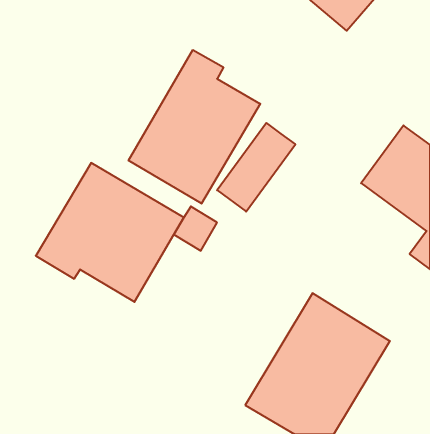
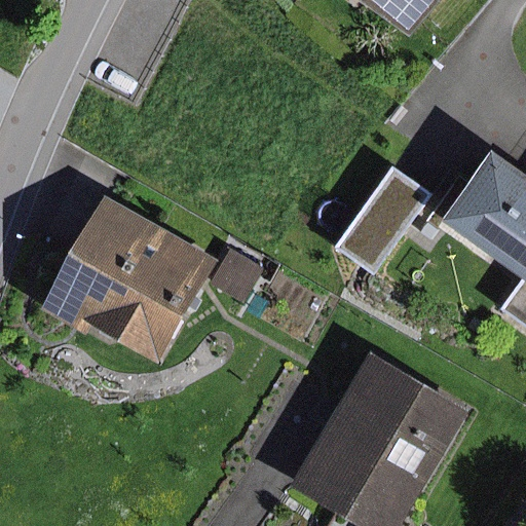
building: [129,50,260,204] -> none
building: [217,123,295,212] -> [329,167,423,274]

